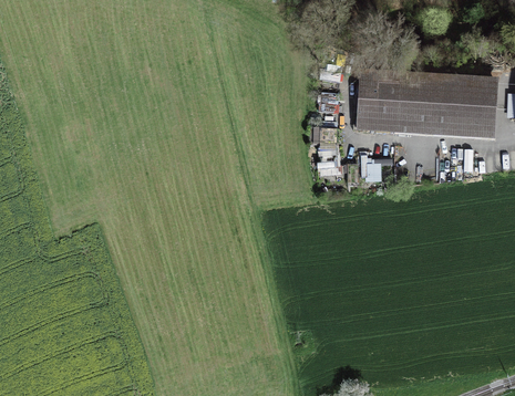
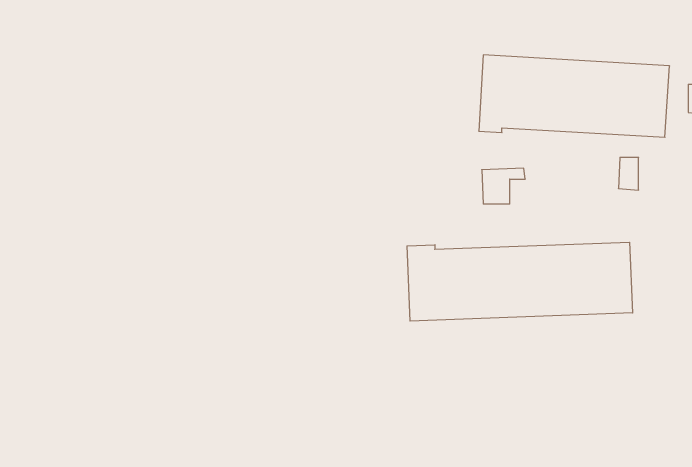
building: none -> [407,242,633,321]

